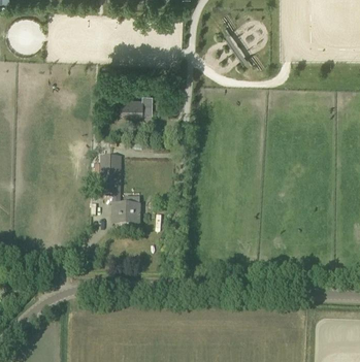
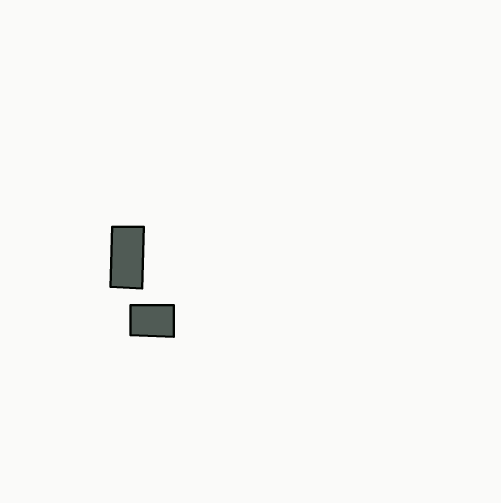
building: [121,97,152,118] -> none

